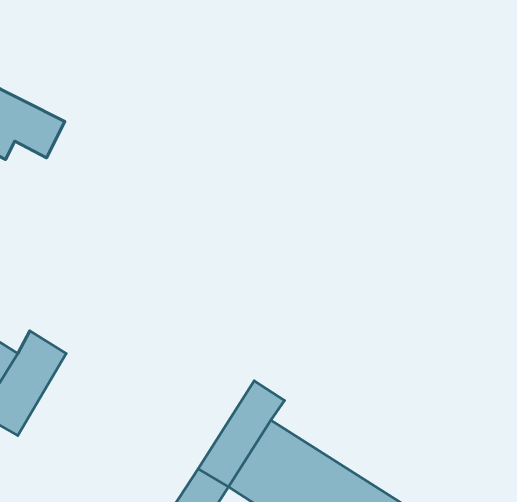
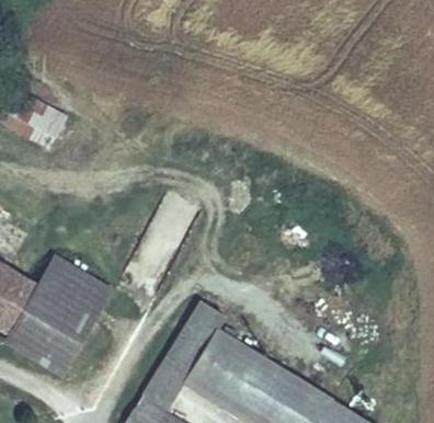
building: none -> [32,252,108,361]

